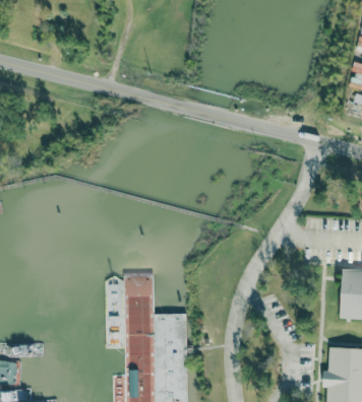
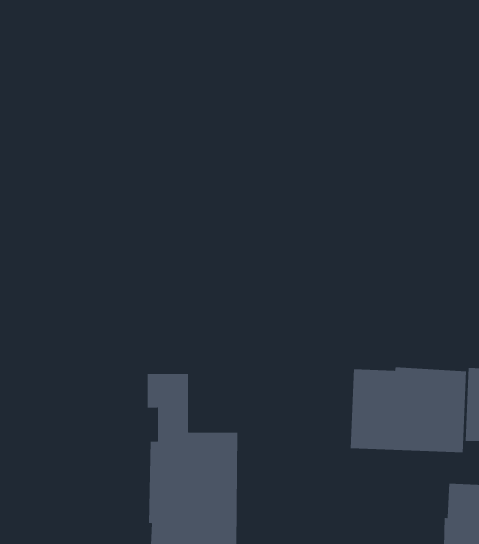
building: none -> [350,367,466,453]

